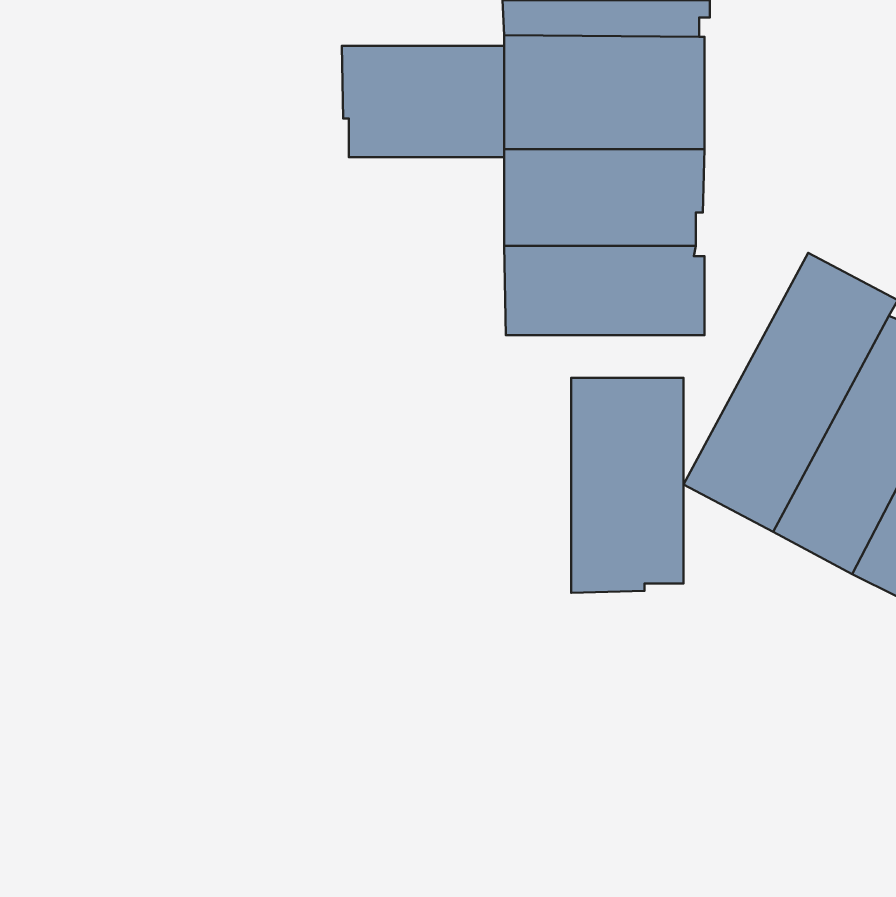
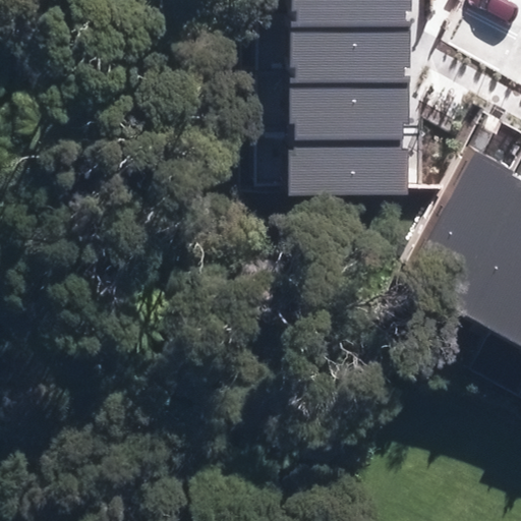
building: [342,46,504,157] -> none
building: [571,378,683,593] -> none

